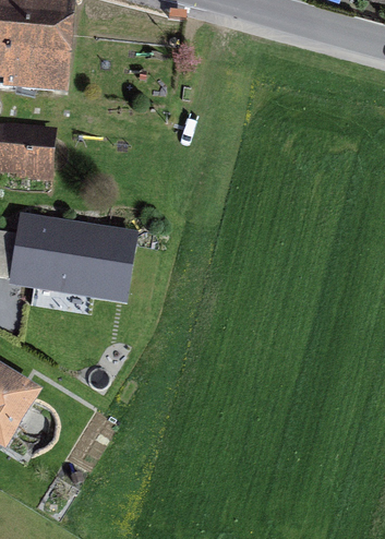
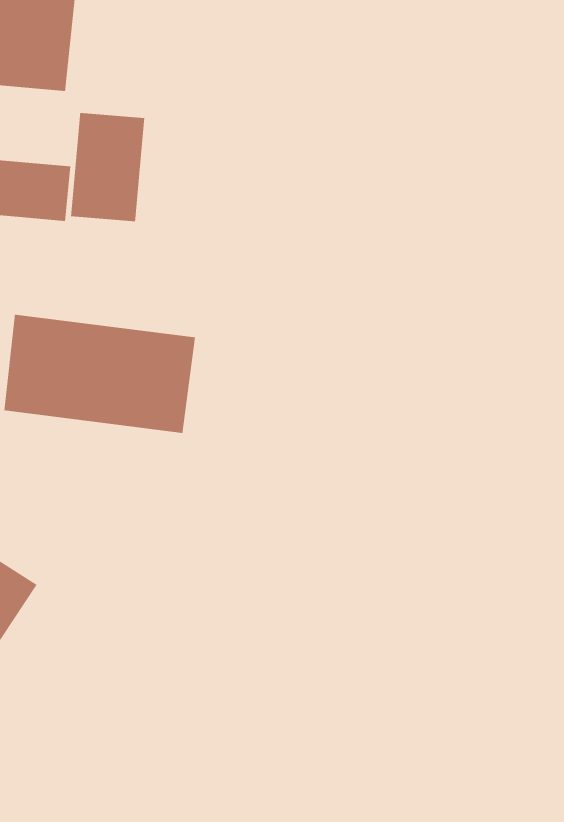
building: none -> [71,112,145,222]

